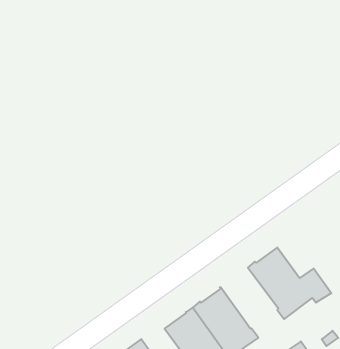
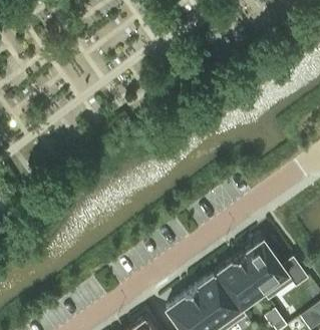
building: none -> [213,258,262,310]

